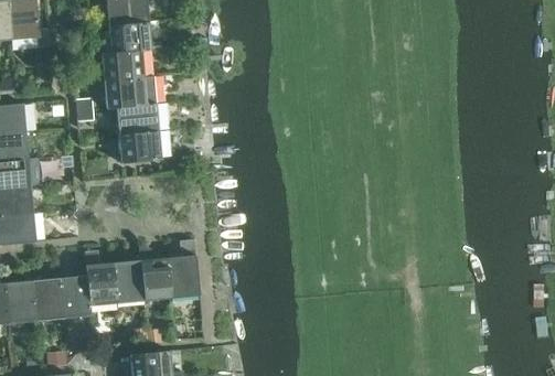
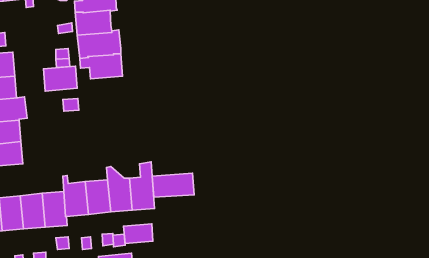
building: [119,132,161,163] -> [43,66,77,91]
building: none -> [152,173,194,197]
building: none -> [123,224,153,243]

